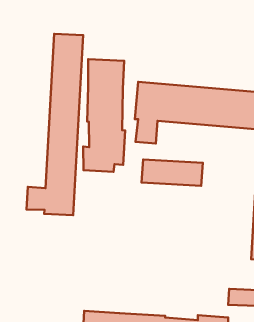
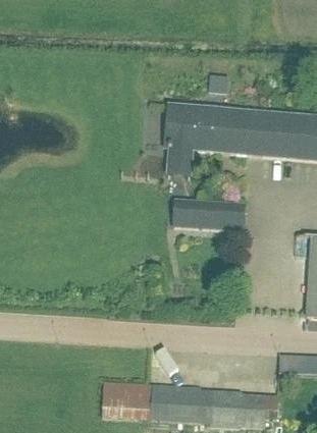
building: [27,34,83,215] -> none
building: [83,59,125,172] -> none

